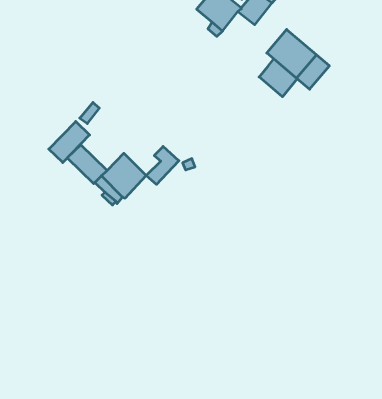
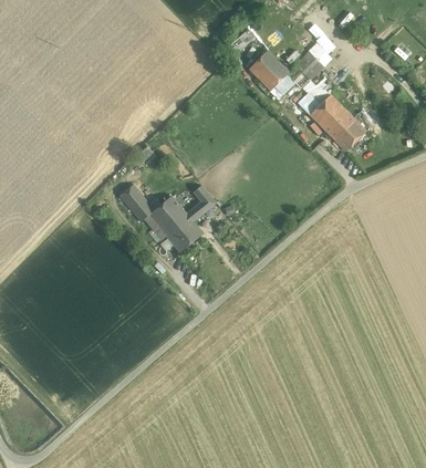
building: [259,59,297,97] -> none
building: [49,121,90,163] -> none
building: none -> [168,216,202,249]

